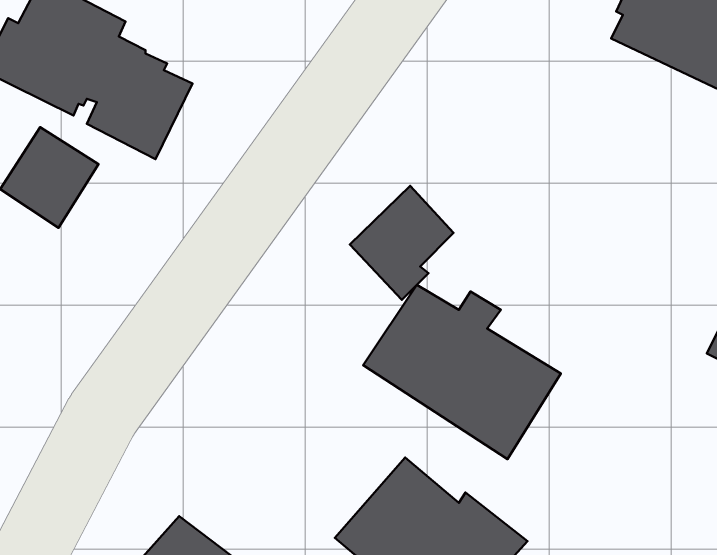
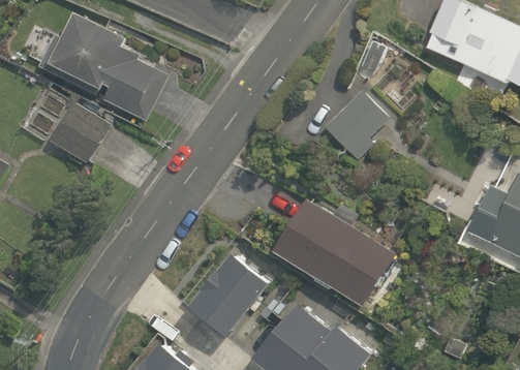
building: [350,186,454,300] -> [323,90,387,160]
building: none -> [188,252,268,335]

